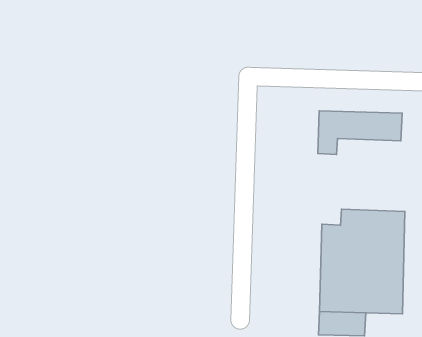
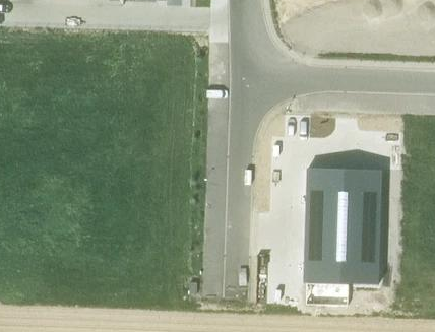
building: [318,111,402,155] -> [311,167,385,205]

